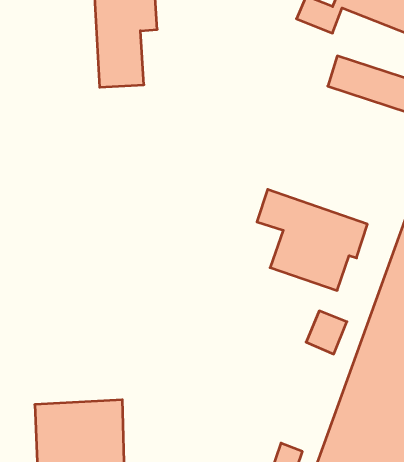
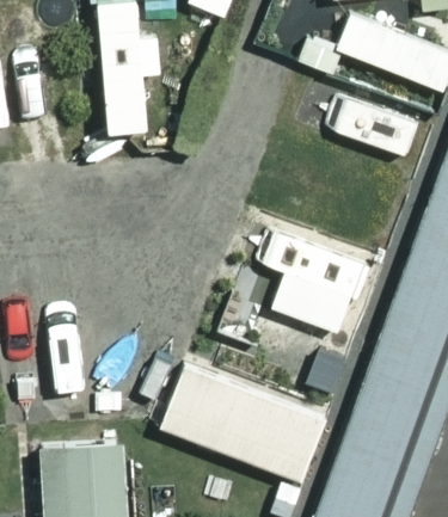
building: none -> [158,362,329,484]

